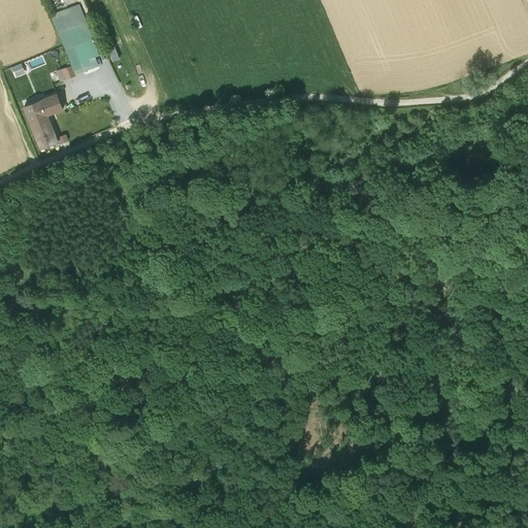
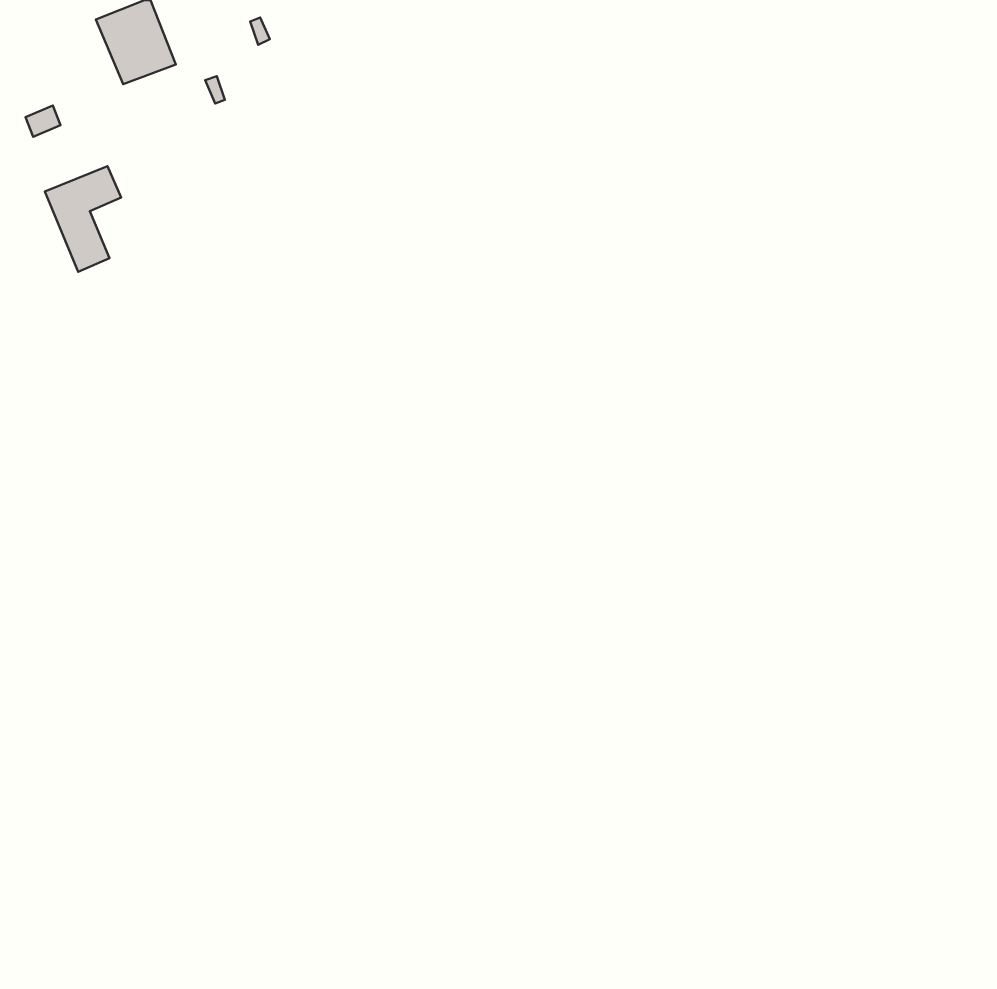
building: [56,39,100,81] -> none

